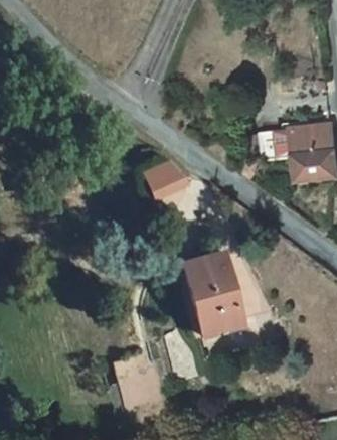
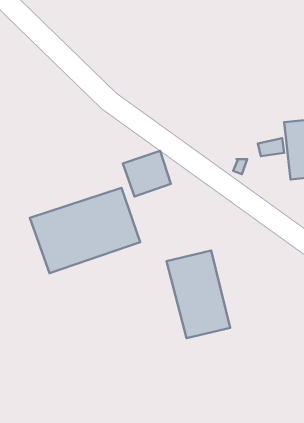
building: none -> [30,188,140,273]

